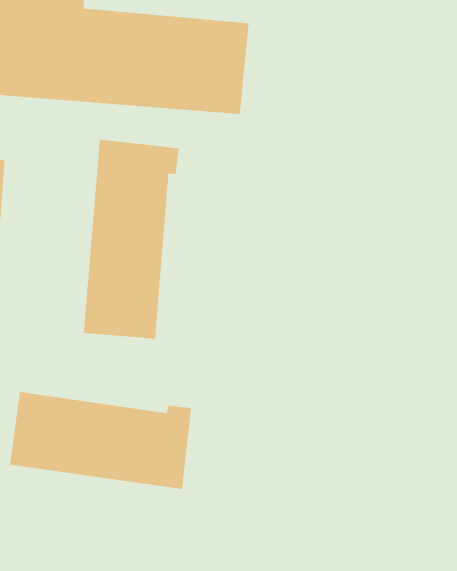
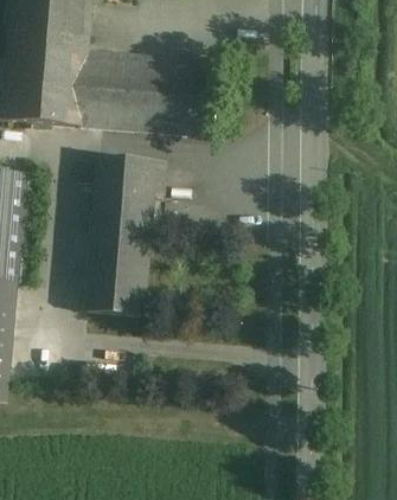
building: [9,391,192,490] -> none

